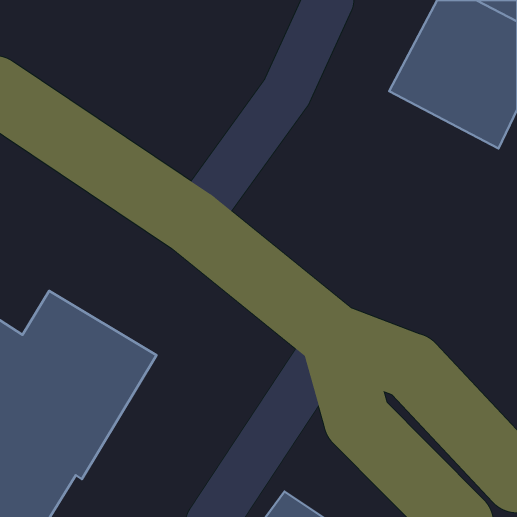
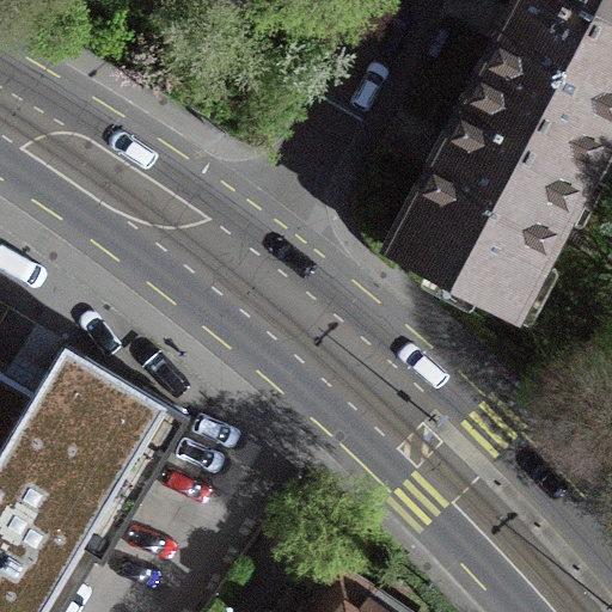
building: none -> [381,114,582,322]

